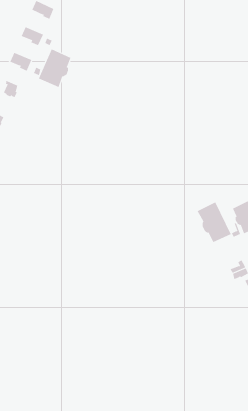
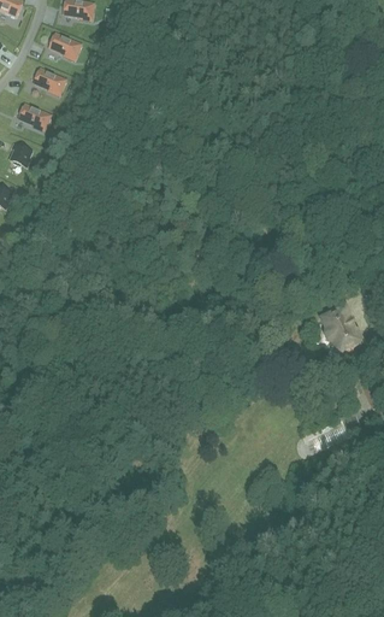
building: [38,48,71,88] -> none
building: [197,202,232,243] -> none

